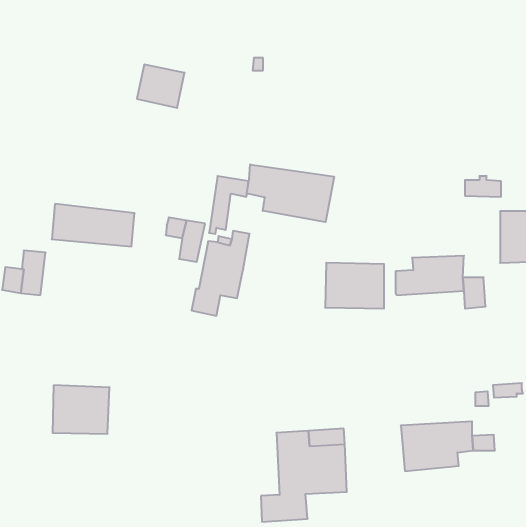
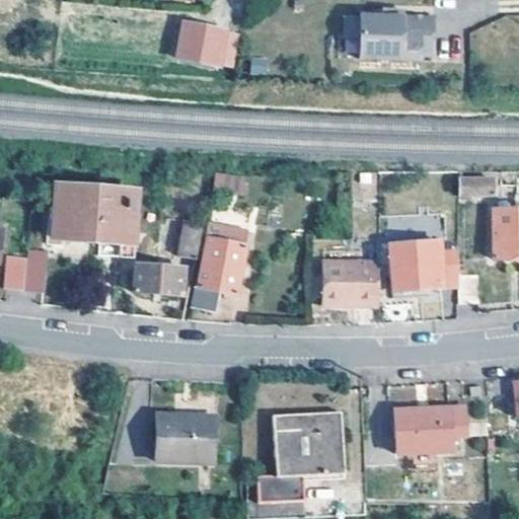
building: none -> [355,7,431,57]
building: [137,65,185,108] -> [178,21,225,64]
building: [247,164,334,222] -> none
building: none -> [57,181,137,209]
building: none -> [133,262,183,293]
building: [53,385,110,434] -> [156,414,212,461]

